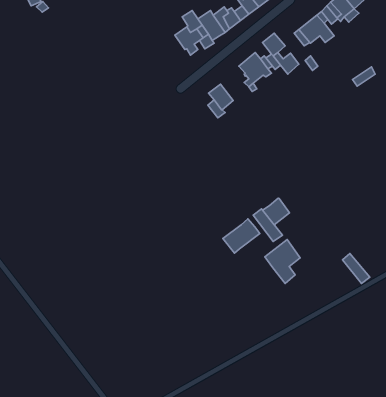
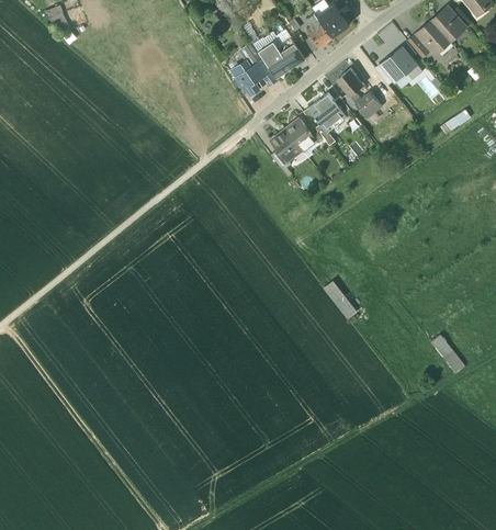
building: none -> [285,120,315,150]
building: [263,198,290,225] -> none
building: [223,219,260,253] -> none
building: [265,240,300,284] -> none

